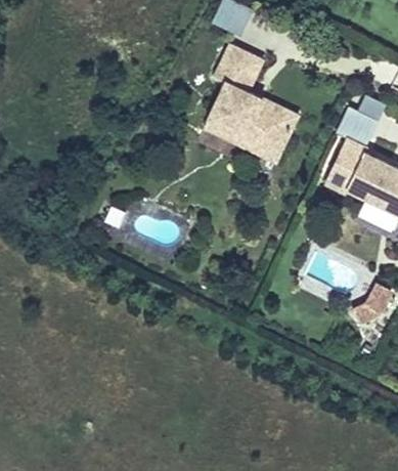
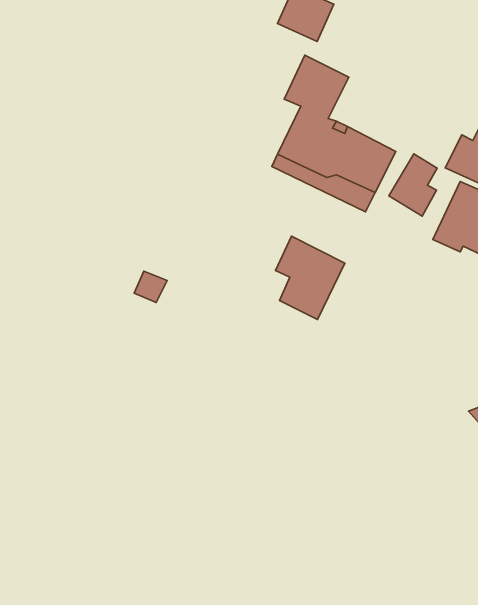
building: none -> [389,154,437,216]
building: none -> [276,236,345,319]

